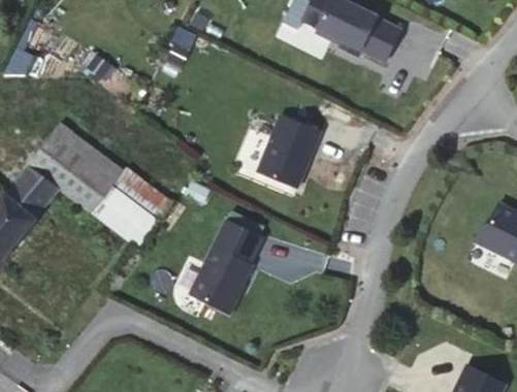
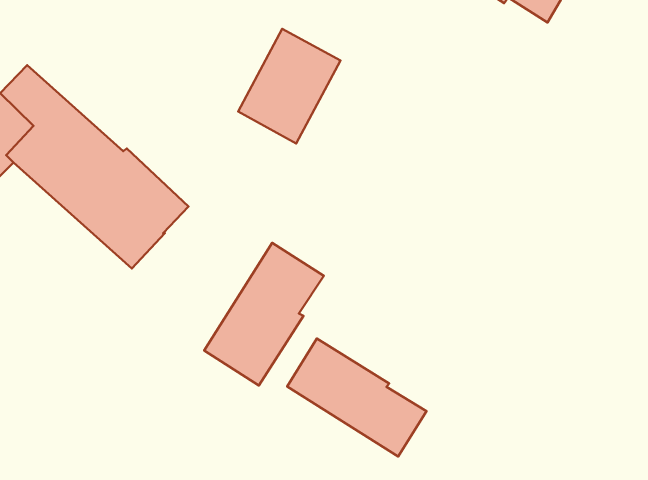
building: [258,116,320,188] -> [238,29,340,143]
building: none -> [287,338,426,457]

